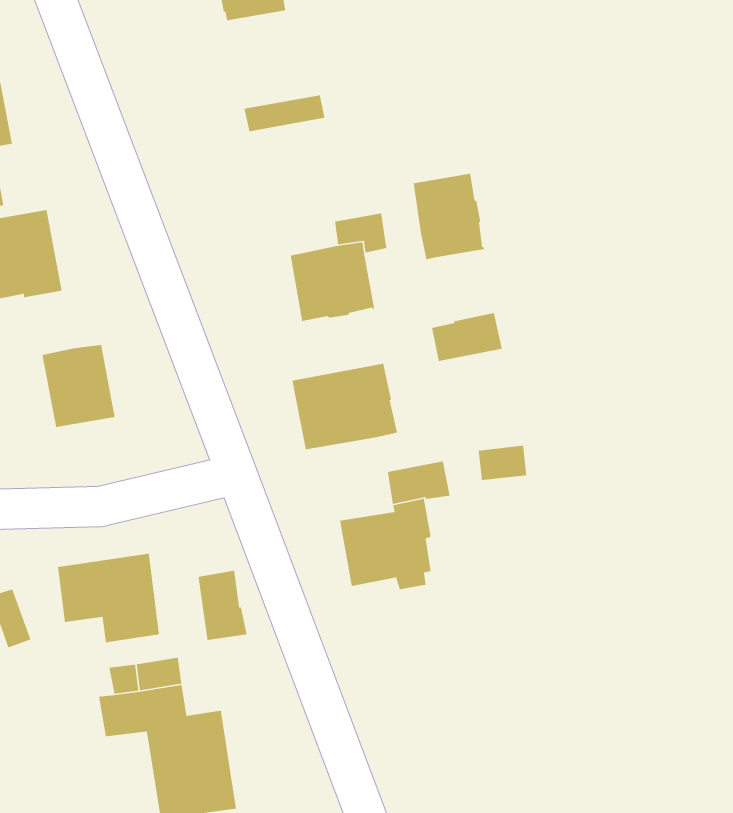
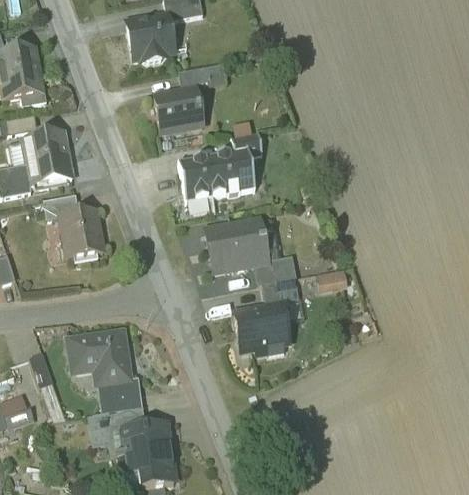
building: none -> [127,14,174,60]
building: none -> [154,86,203,131]
building: [413,173,485,260] -> none
building: none -> [178,156,212,201]
building: [431,312,503,362] -> [255,254,297,283]
building: none -> [43,193,79,218]
building: [197,570,247,641] -> none

